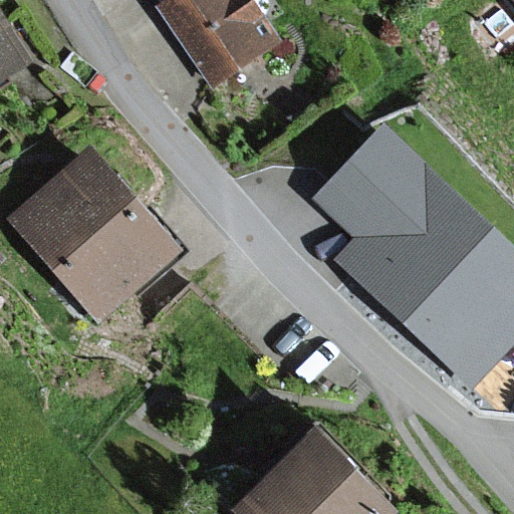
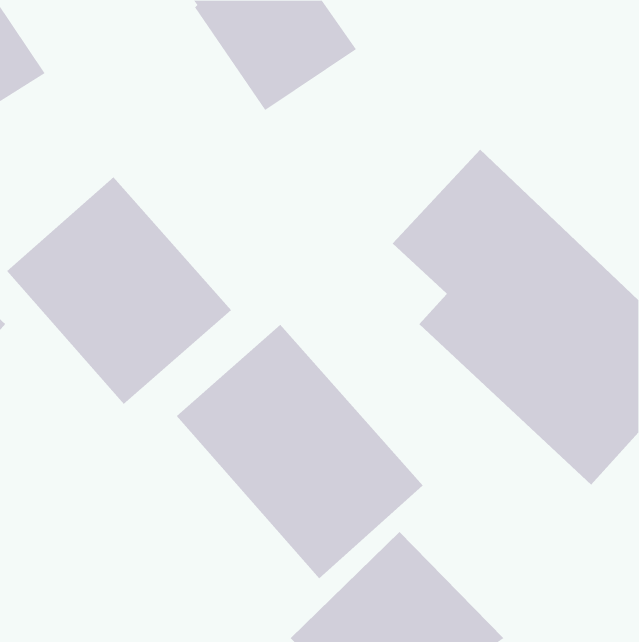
building: none -> [176,324,424,579]

